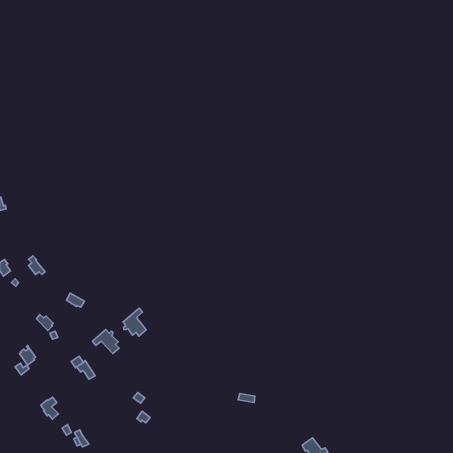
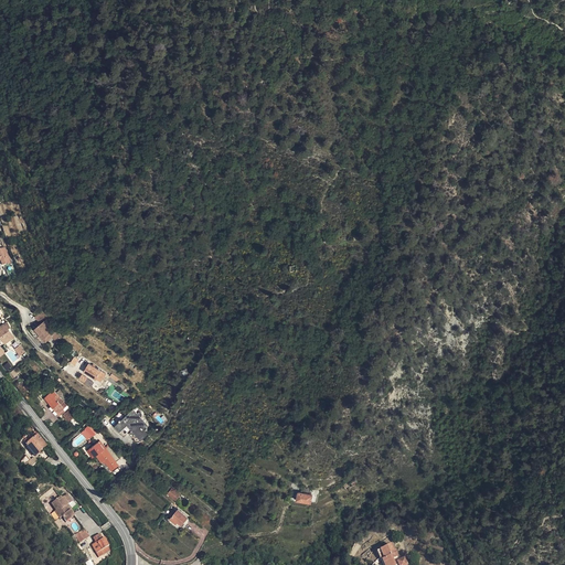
building: [123,308,146,336] -> none

